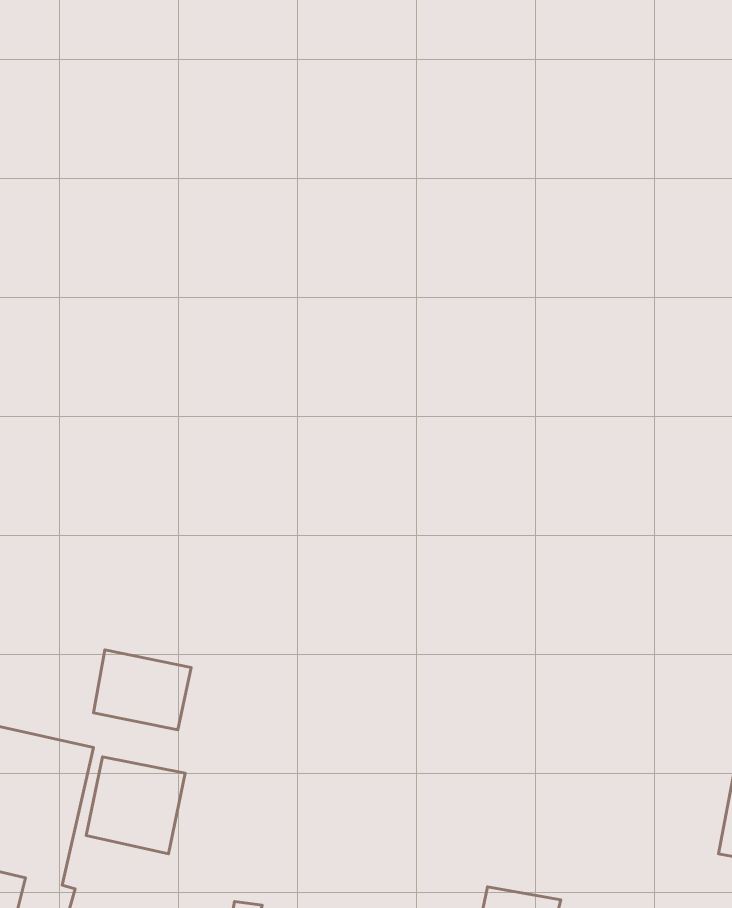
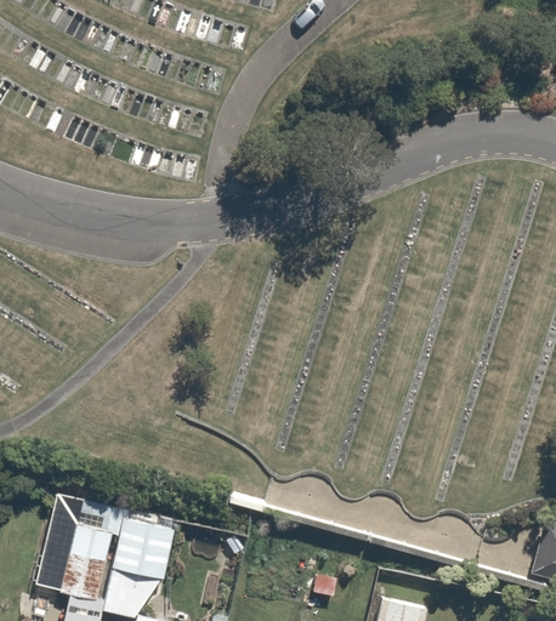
building: [93,650,191,730] -> none

